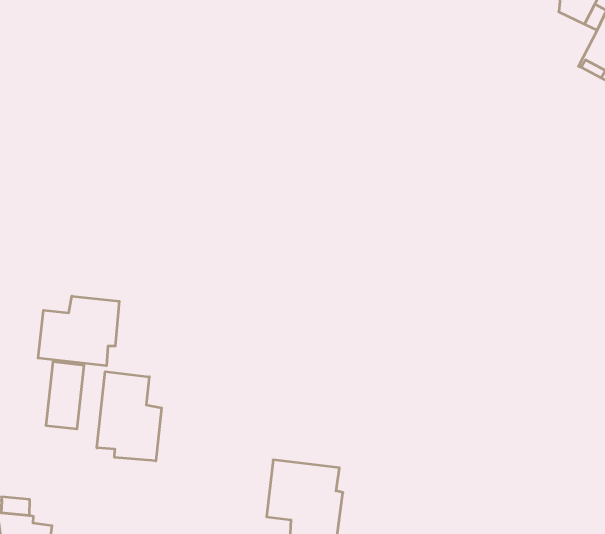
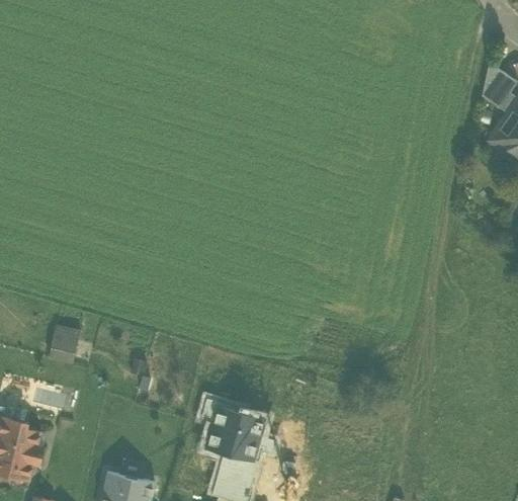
building: [38,296,119,366] -> none
building: [97,372,162,461] -> none

